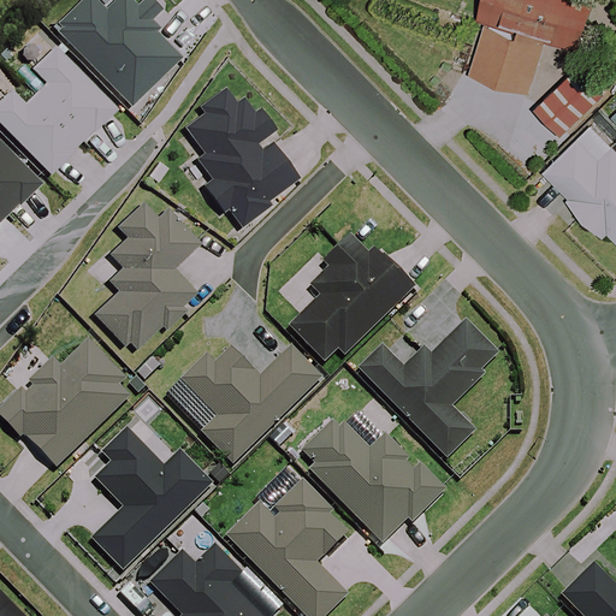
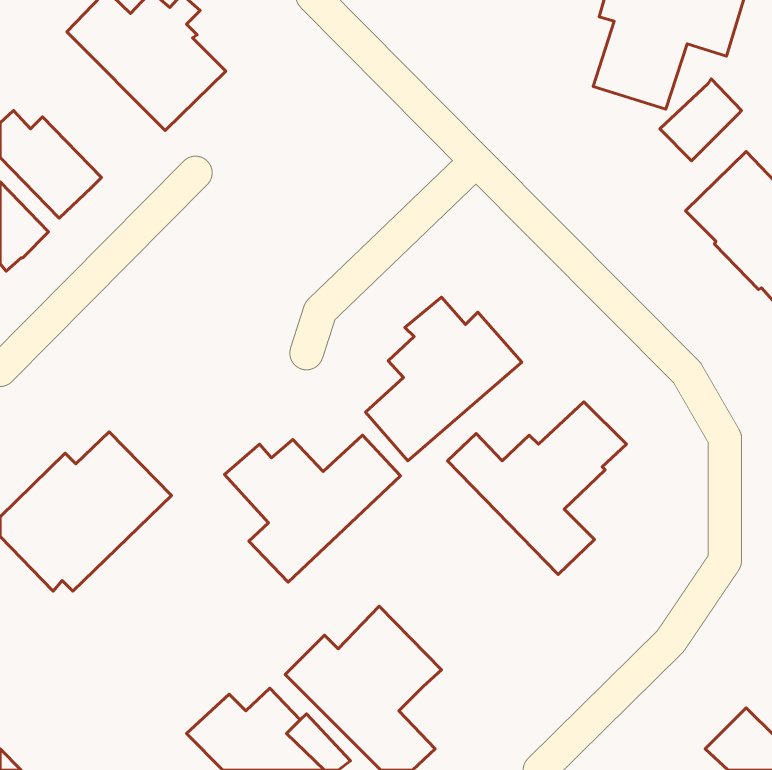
building: [31,46,117,141] -> none
building: [185,85,295,224] -> none
building: [95,200,202,359] -> none
building: [302,421,442,541] -> none
building: [91,427,209,567] -> none

